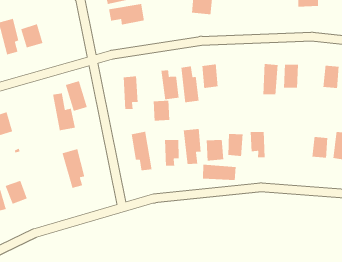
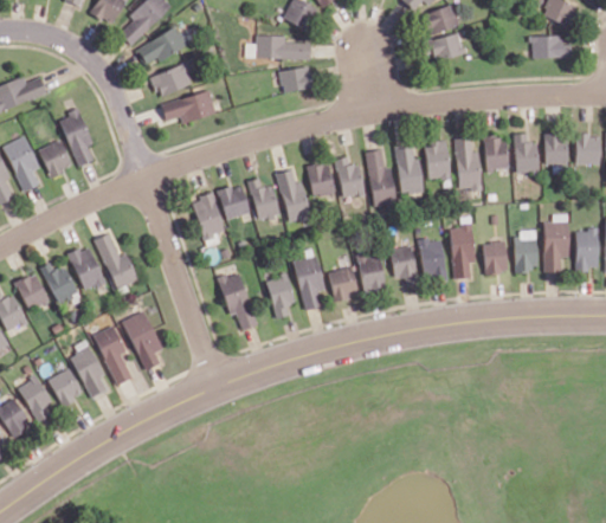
building: none -> [58,110,94,167]
building: none -> [457,135,482,189]
building: none -> [367,148,397,207]
building: none -> [335,155,366,198]
building: [65,80,88,112] -> [69,244,107,291]
building: [153,100,170,121] -> [220,185,250,219]
building: none -> [41,262,79,305]
building: none -> [451,226,475,278]
building: none -> [420,237,447,283]
building: none -> [95,325,133,386]
building: [202,164,237,181] -> none
building: none -> [71,347,108,399]

